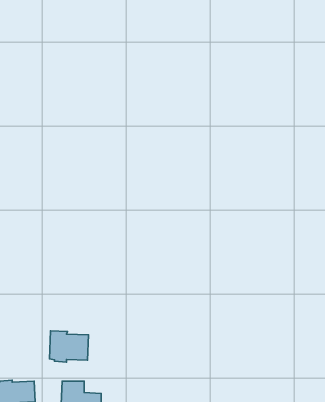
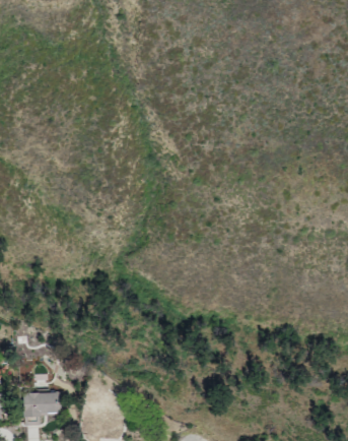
building: [49,331,88,362] -> none

